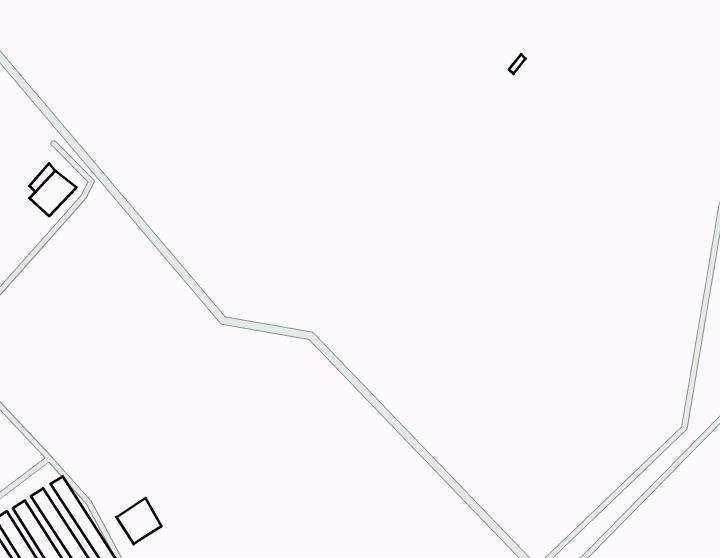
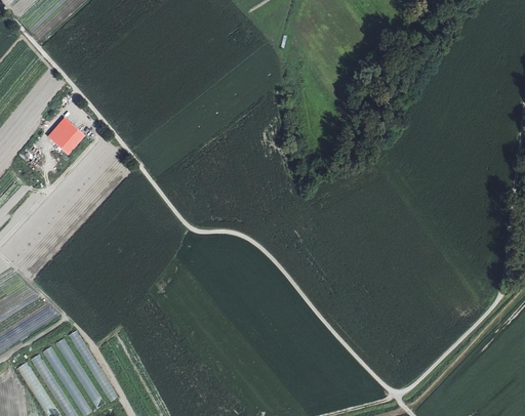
building: [116,498,161,544] -> none

